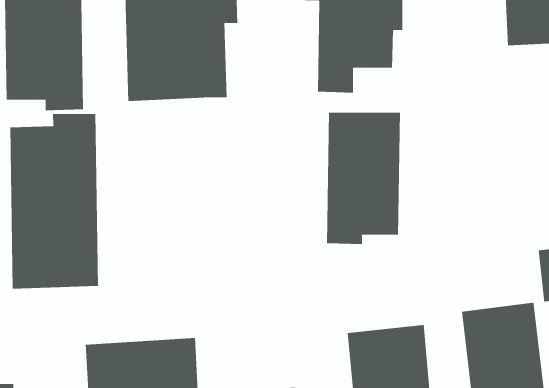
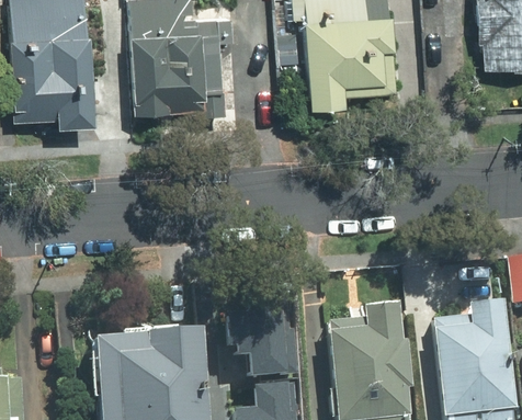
building: [326,112,401,245] -> none
building: [10,113,98,289] -> none
building: none -> [220,295,286,374]

